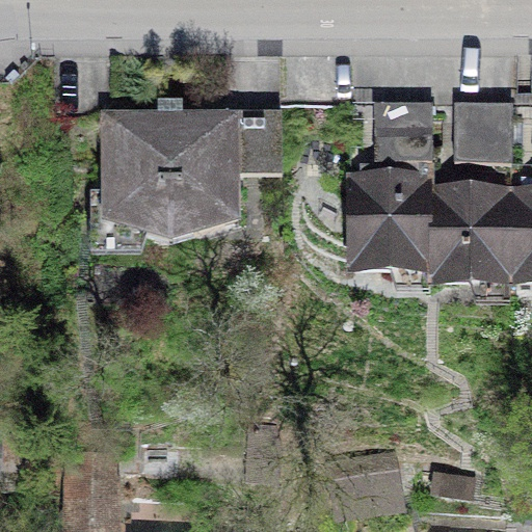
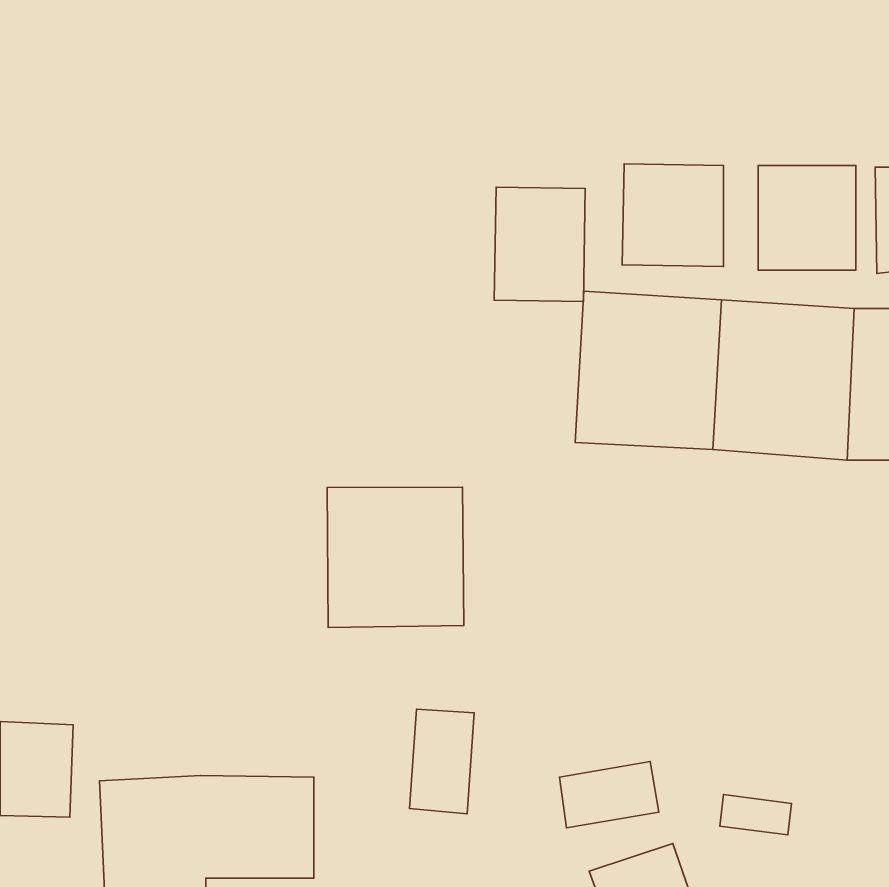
building: [99,110,283,249] -> none
building: none -> [494,187,585,302]
building: none -> [327,487,464,627]

